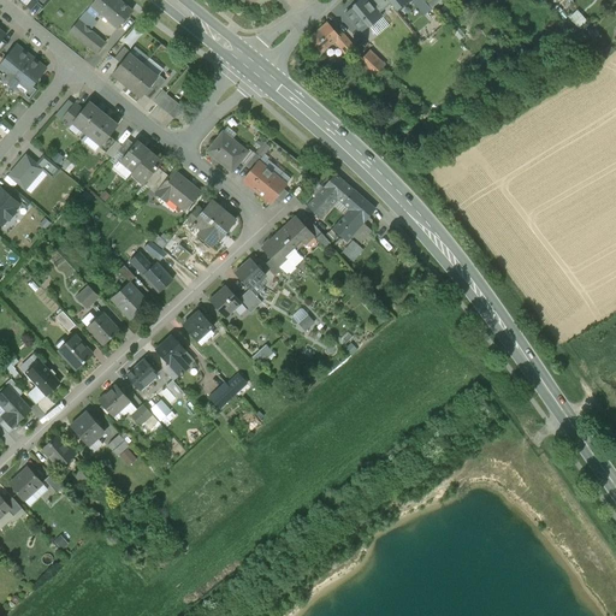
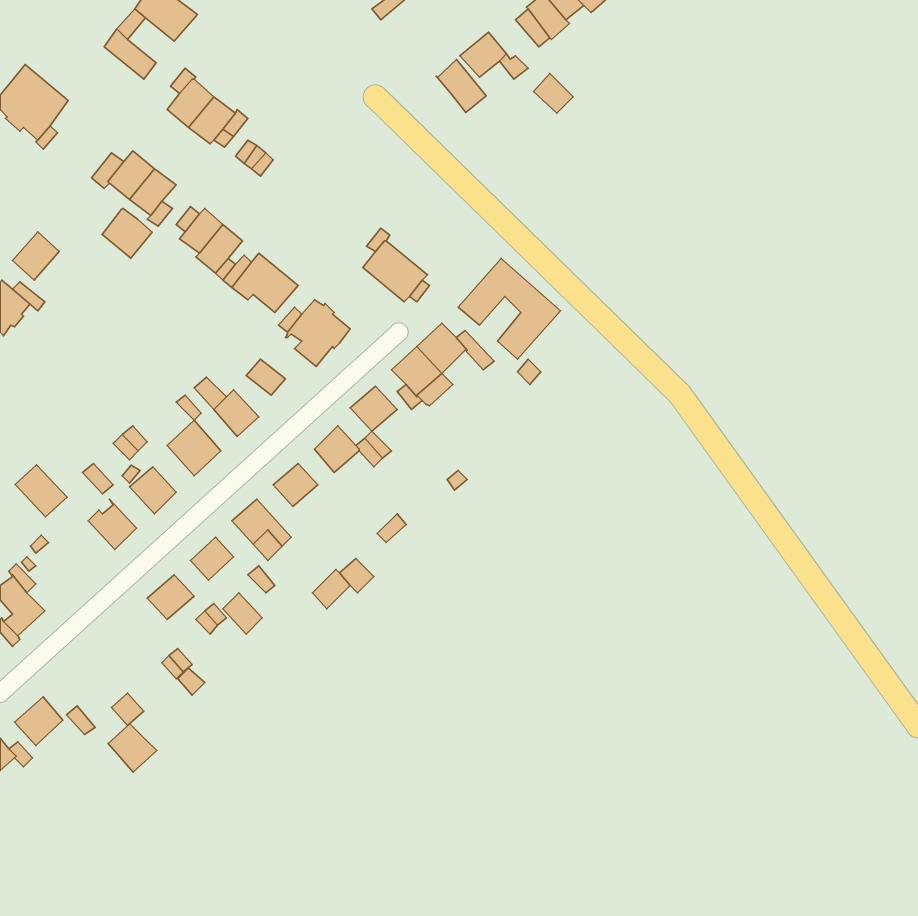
building: none -> [436,60,486,113]
building: [207,131,248,171] -> none
building: none -> [102,208,152,258]
building: [25,360,60,395] -> [15,465,67,517]
building: [71,410,105,445] -> none
building: [43,436,76,468] -> [108,724,157,772]

